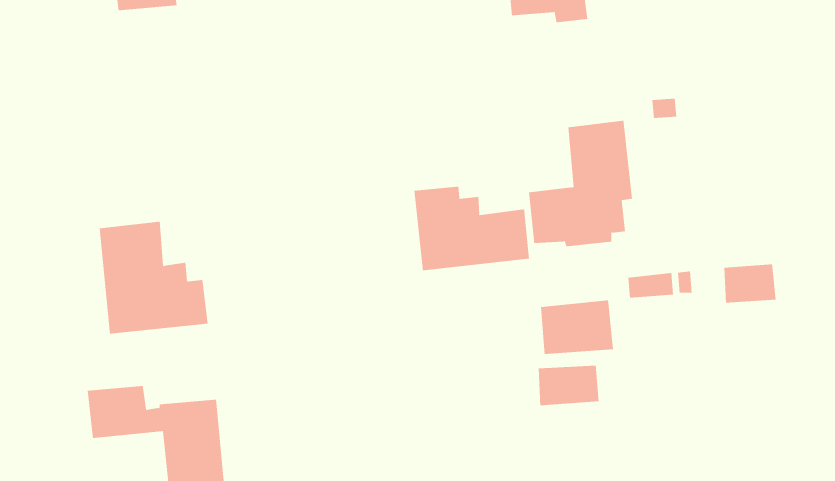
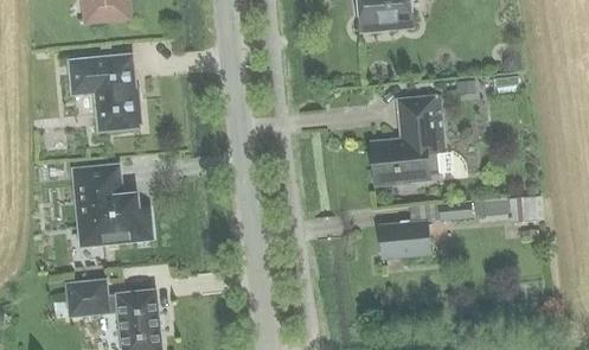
building: none -> [70,56,143,132]
building: [414,186,530,271] -> none
building: [538,365,599,406] -> none

